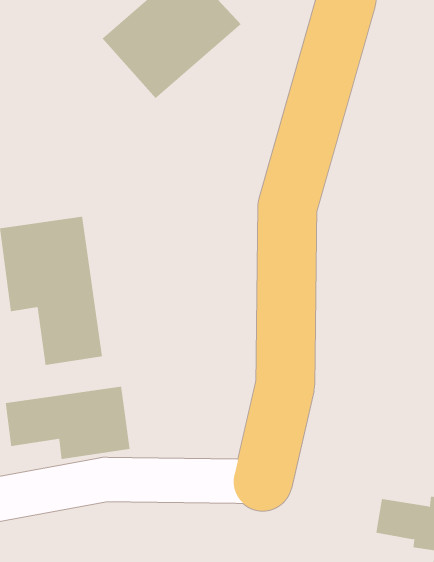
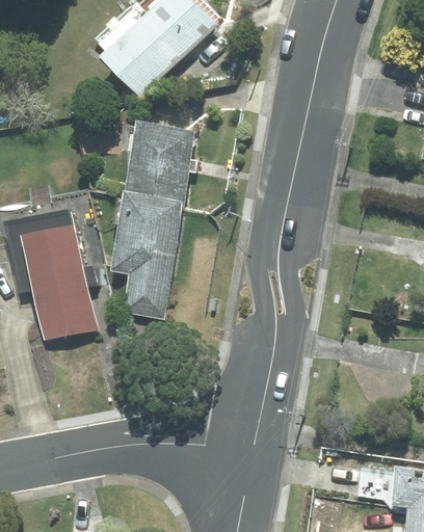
building: none -> [110,119,194,316]
building: [5,386,130,460] -> none

